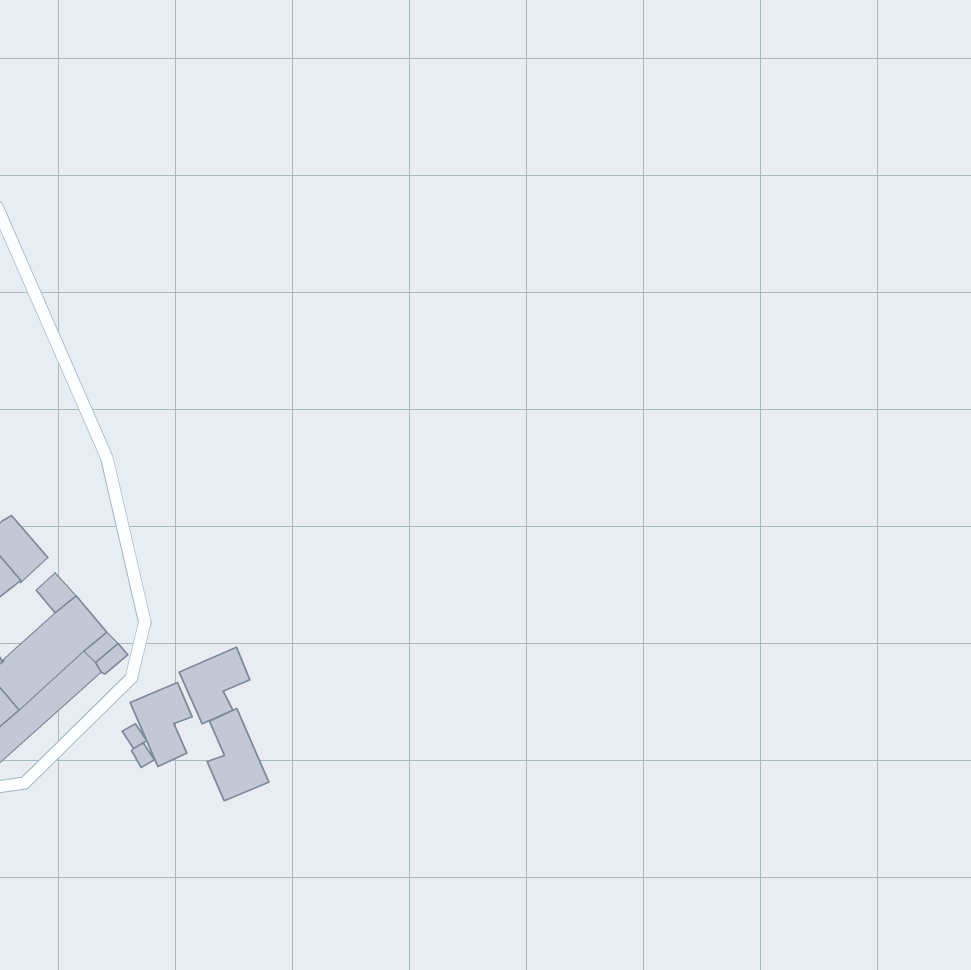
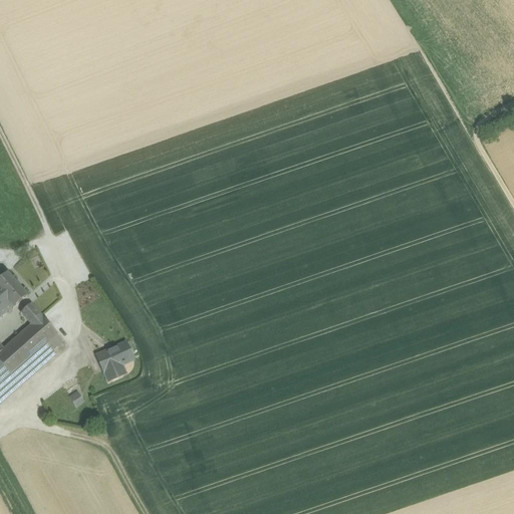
building: [130,683,192,766] -> none
building: [207,708,269,801] -> none

